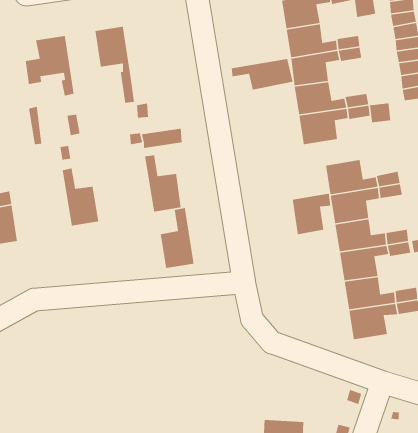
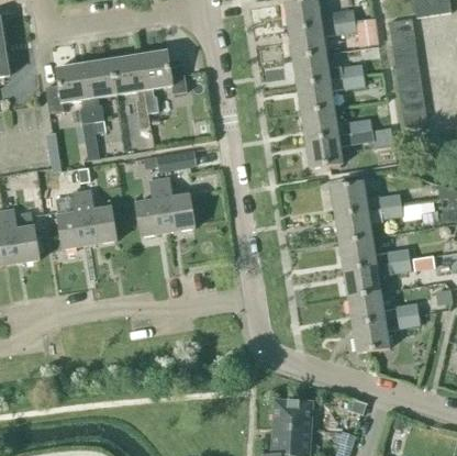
building: none -> [138,51,186,111]
building: none -> [83,59,116,132]
building: [231,58,293,90] -> none
building: none -> [56,191,89,249]
building: [292,193,331,235] -> none
building: [160,207,195,269] -> [134,178,167,236]
building: none -> [271,399,312,430]

